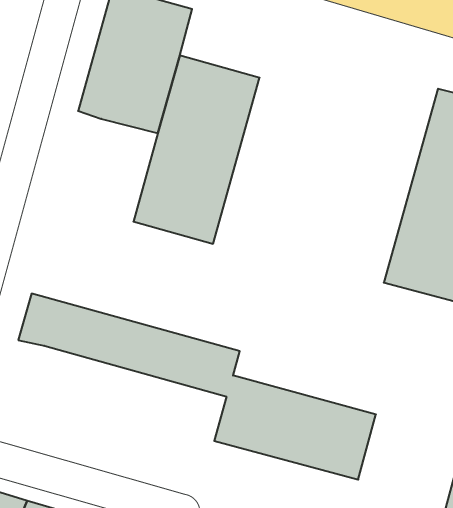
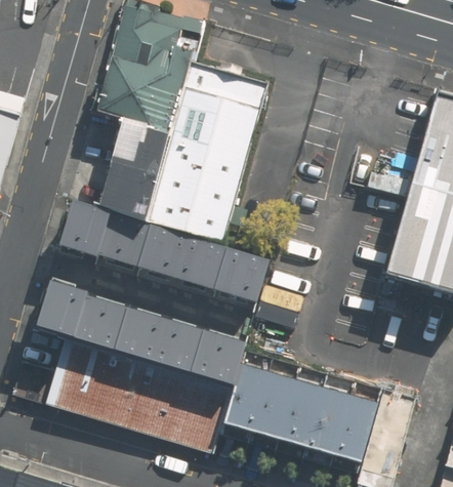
building: none -> [99,125,173,220]
building: none -> [65,205,270,303]
building: none -> [49,335,237,451]

